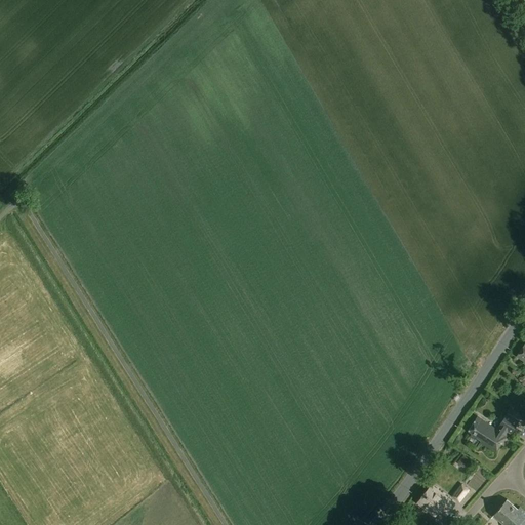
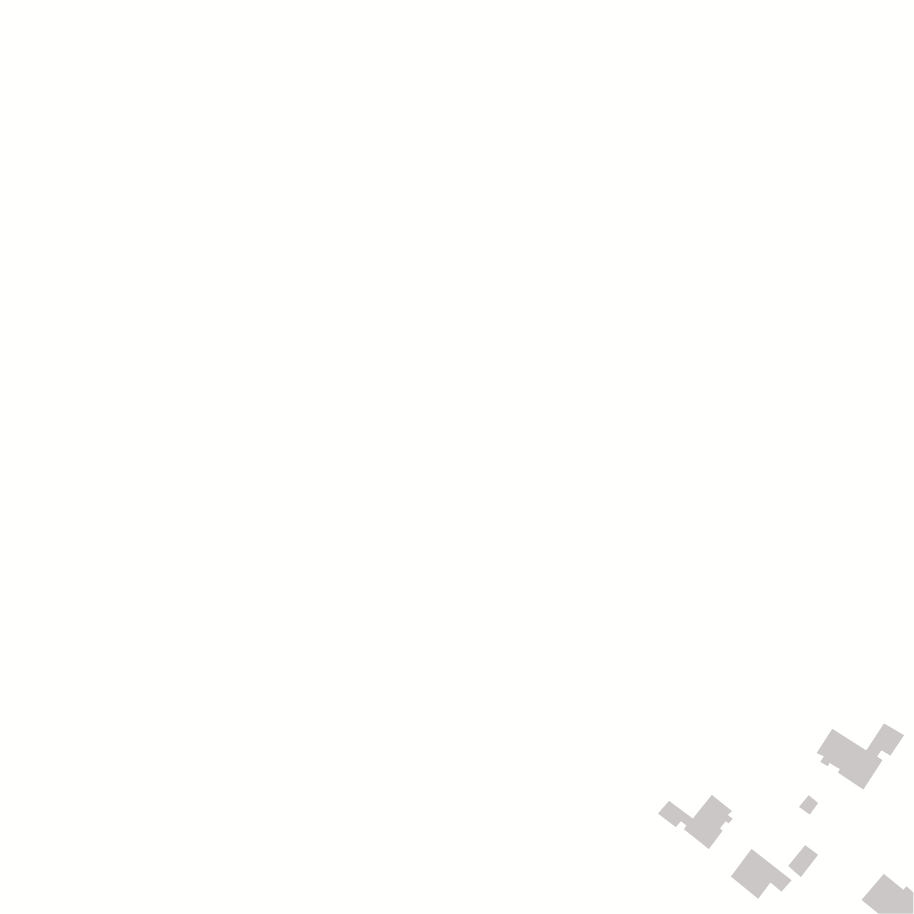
building: none -> [657,794,734,850]

